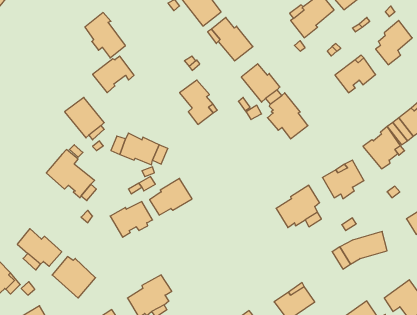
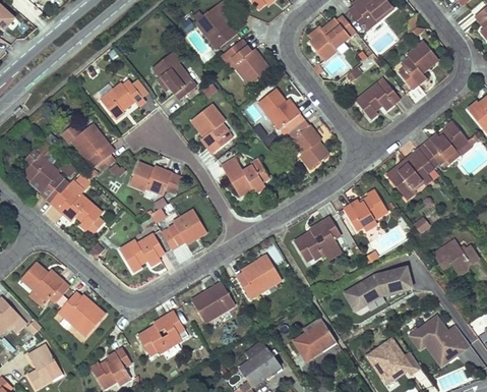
building: [85,13,125,58] -> [154,52,196,100]
building: none -> [22,141,69,204]
building: none -> [222,154,269,194]
building: none -> [237,256,282,298]
building: none -> [192,283,235,323]

